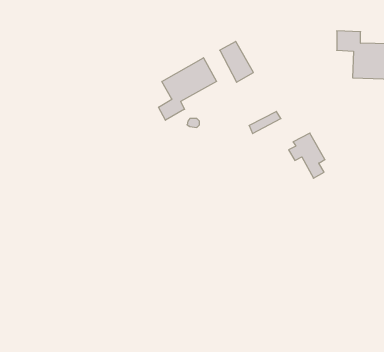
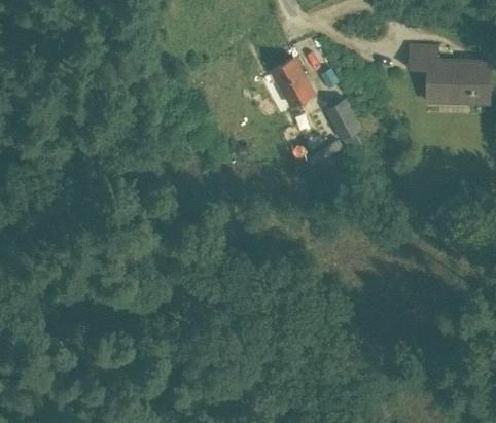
building: [159,58,217,120] -> none
building: [289,133,325,178] -> [321,99,363,151]

